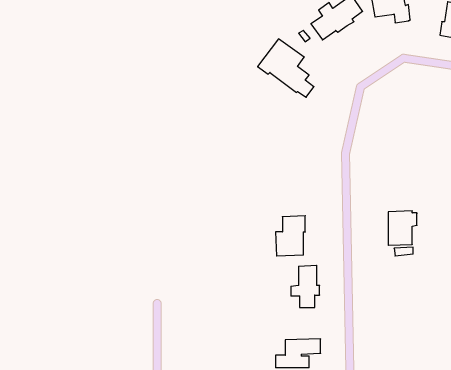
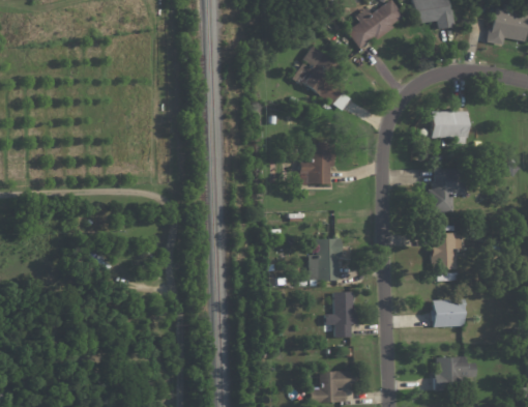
building: none -> [432,112,467,144]
building: none -> [299,143,332,184]
building: none -> [429,168,467,212]
building: none -> [432,299,465,327]
building: none -> [434,357,475,391]

